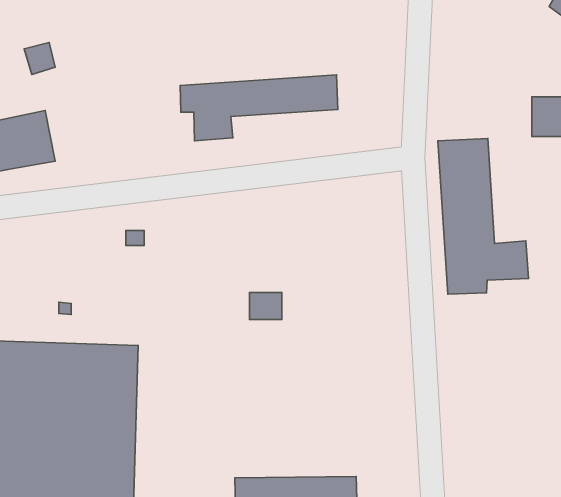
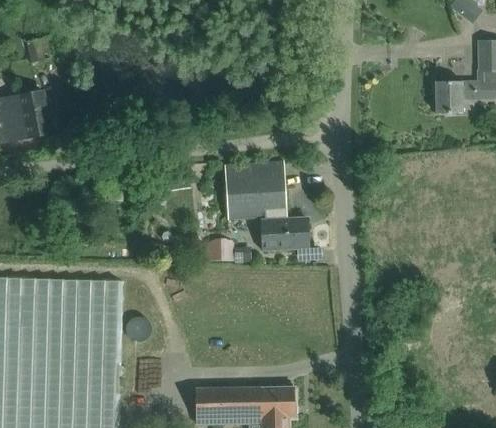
building: [180,75,338,141] -> none
building: [438,138,529,294] -> none
building: none -> [224,161,310,249]

